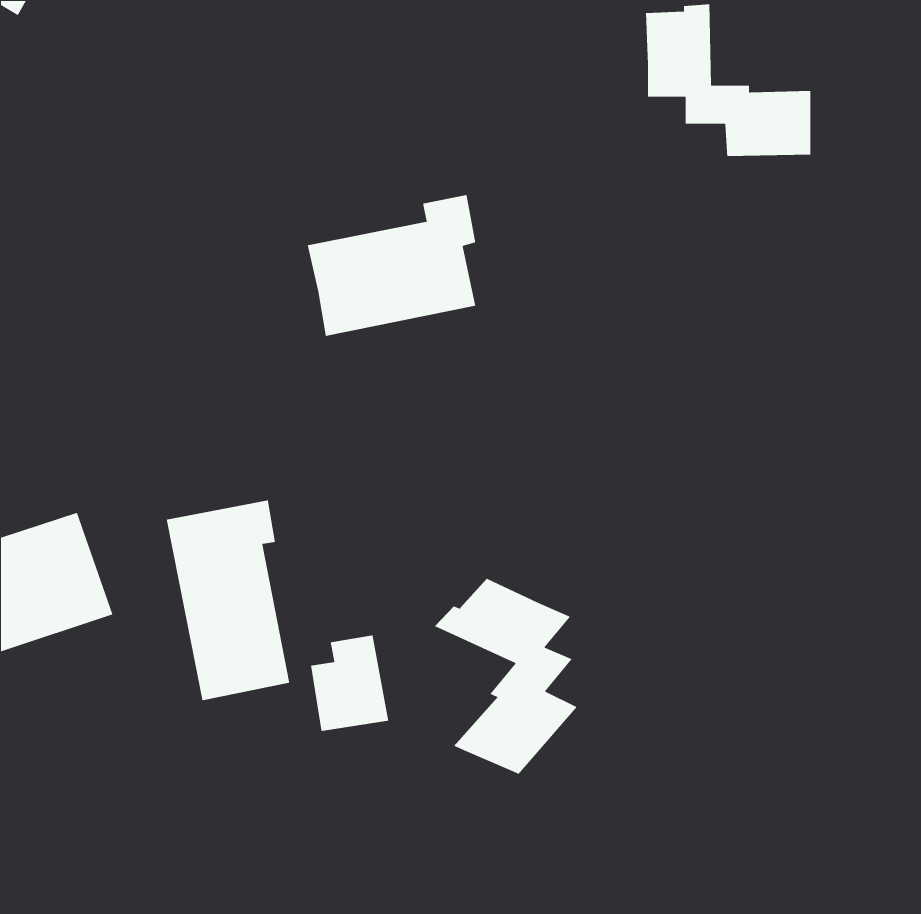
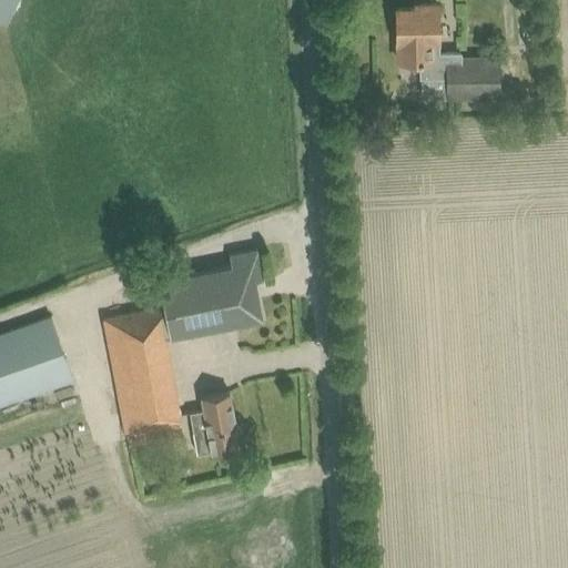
building: [307,194,476,337] -> [159,252,263,339]
building: [434,578,578,775] -> none

